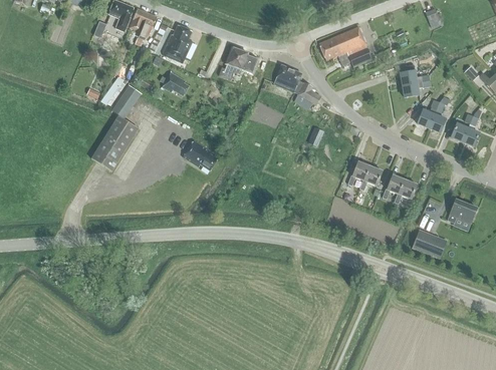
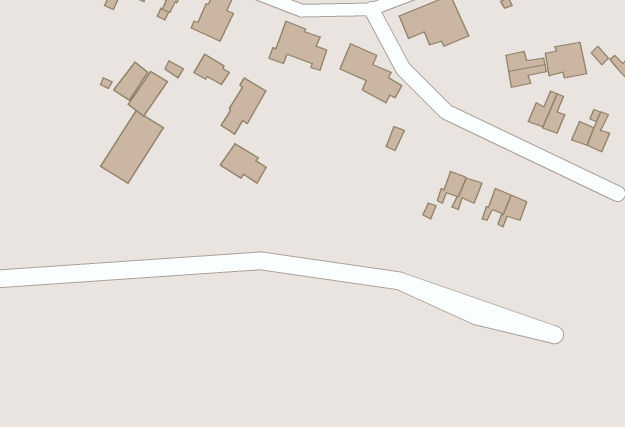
building: none -> [546,42,587,78]
building: none -> [221,78,266,134]
building: [447,200,476,223] -> none
building: [413,230,447,259] -> none

